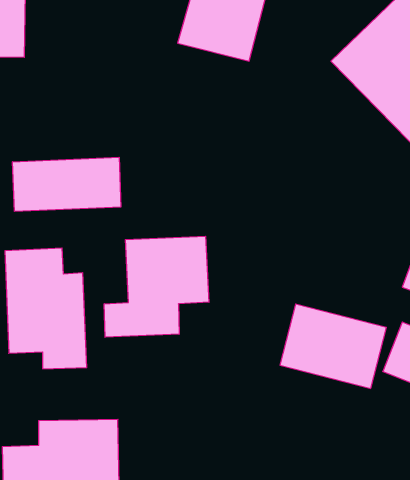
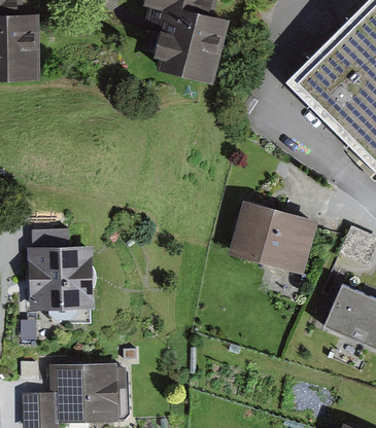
building: [13,157,121,211] -> none
building: [104,236,209,337] -> none
building: [280,304,386,388] -> [232,206,316,273]

